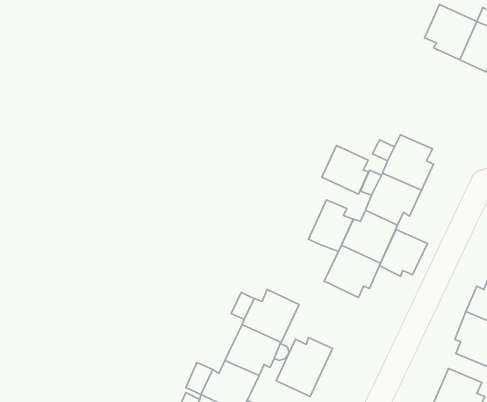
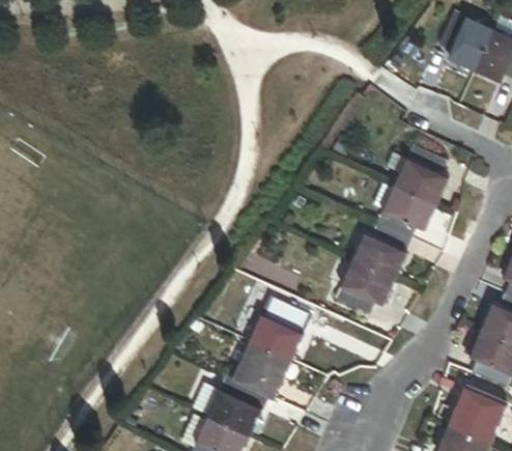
building: [322,145,369,194] -> none
building: [308,200,353,252] -> none
building: [379,229,428,276] -> none
building: [276,338,333,396] -> none

